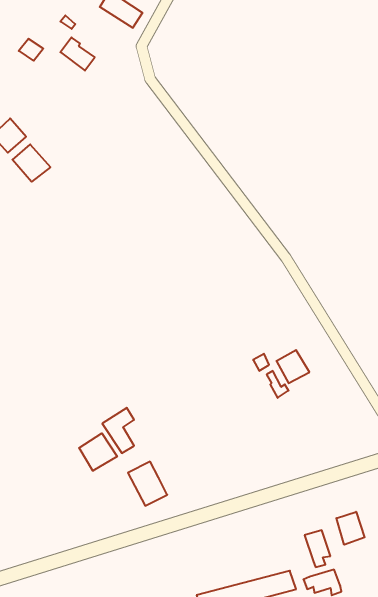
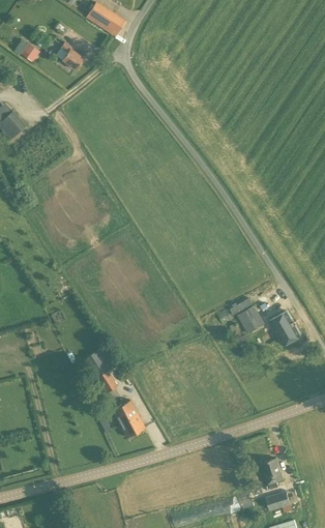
building: [12,144,50,182] -> none
building: none -> [269,311,300,346]
building: [79,433,117,471] -> none
building: [336,512,365,545] -> none

